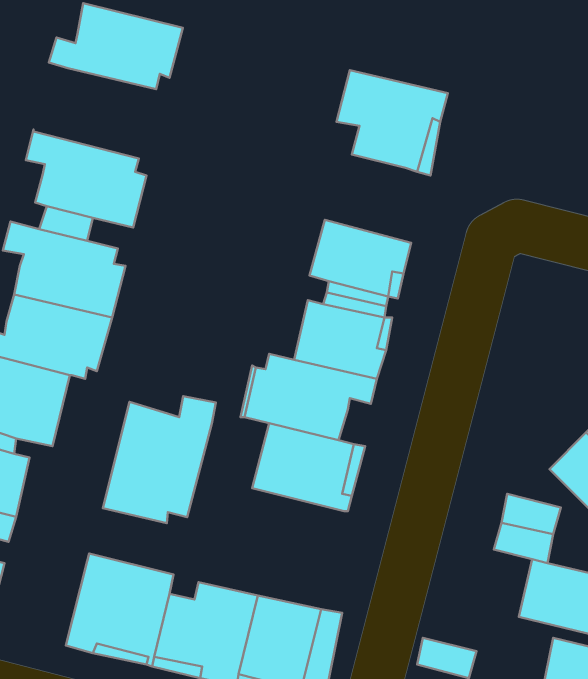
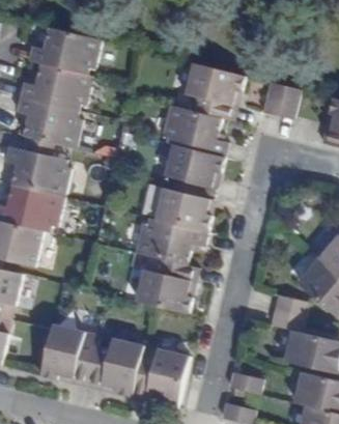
building: none -> [20,62,92,111]
building: none -> [257,81,298,118]
building: none -> [164,104,227,157]
building: [103,396,216,523] -> none

